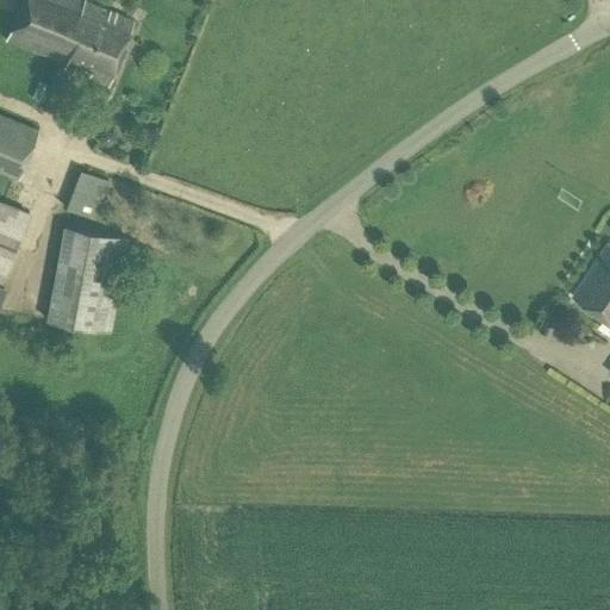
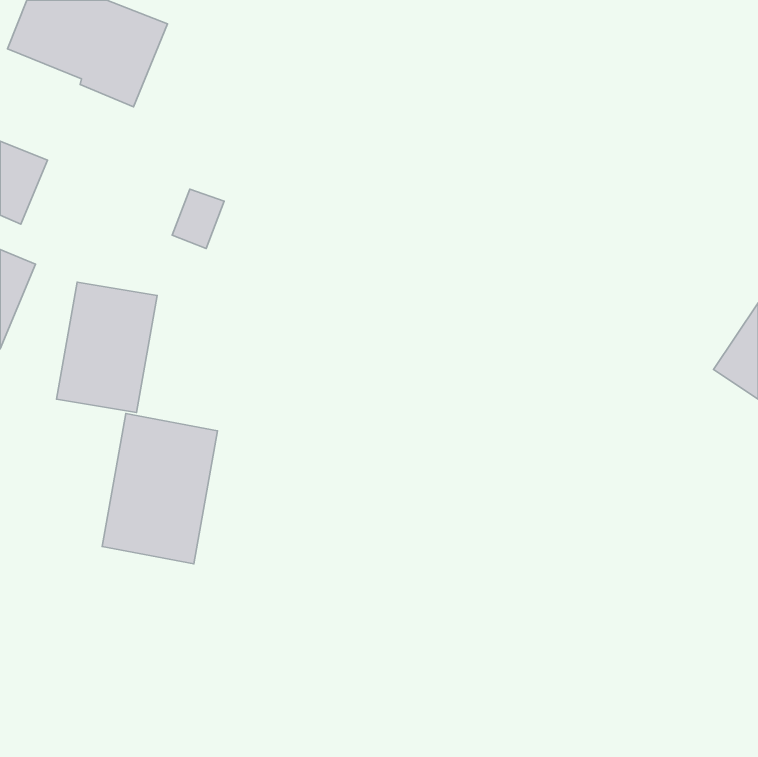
building: [66,172,107,219] -> [172,189,224,249]
building: none -> [102,414,217,564]

